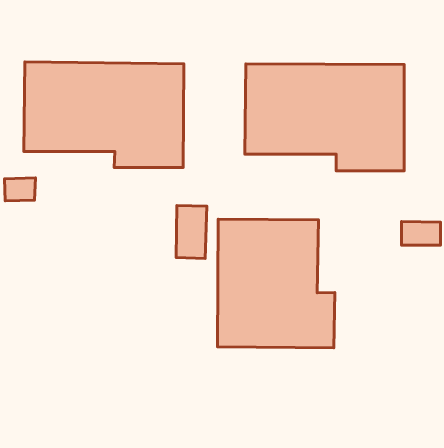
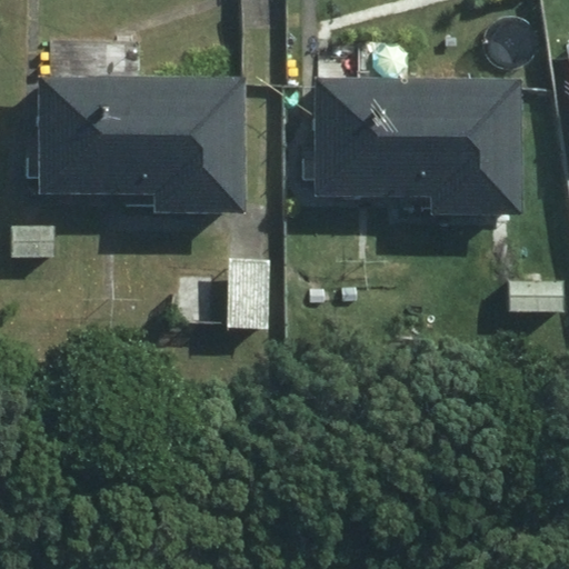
building: [217,219,335,348] -> none

